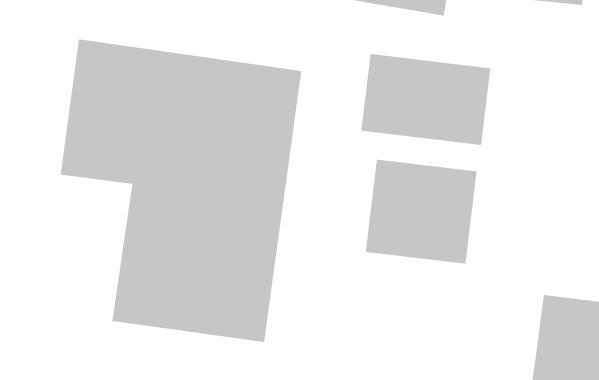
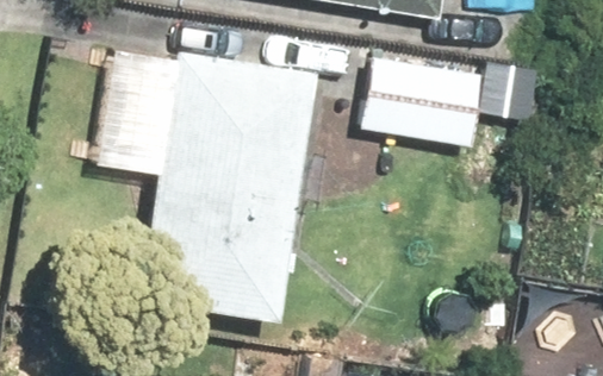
building: [365,159,477,265] -> none

